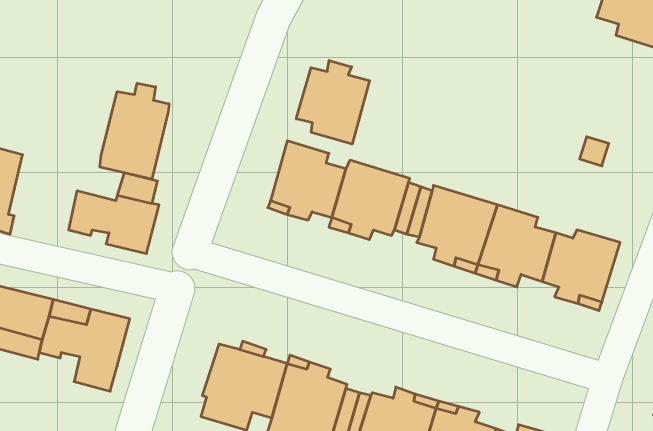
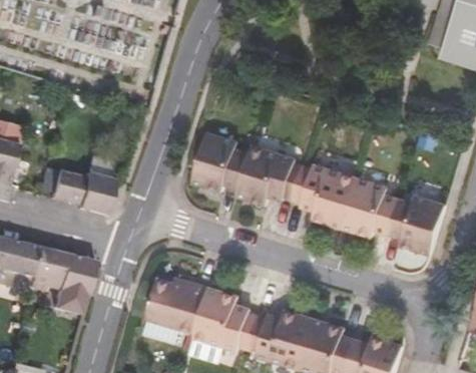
building: [296,60,370,144] -> none
building: [100,83,169,179] -> none

